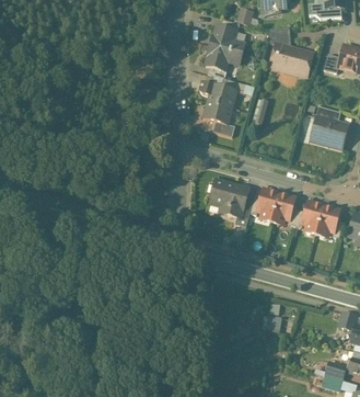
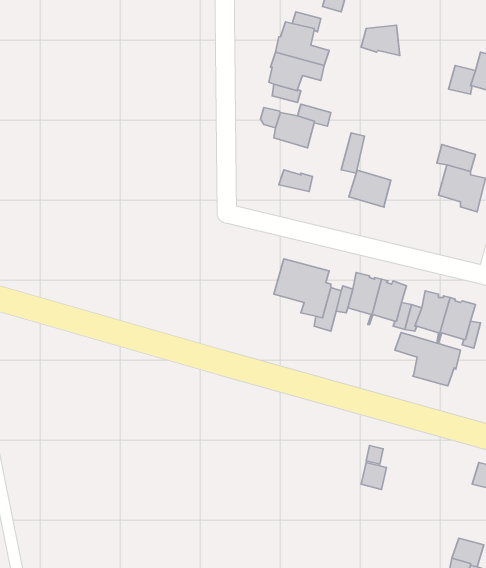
building: [269,45,311,78] -> none
building: [202,102,230,126] -> [349,170,391,207]
building: none -> [395,332,461,386]

